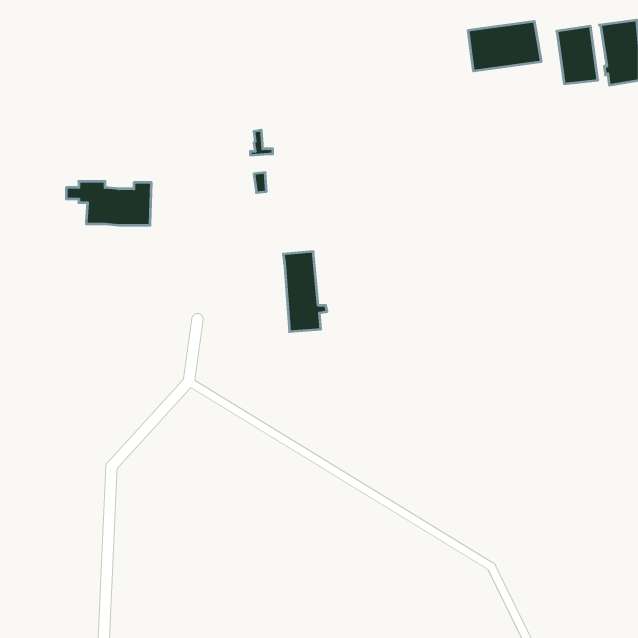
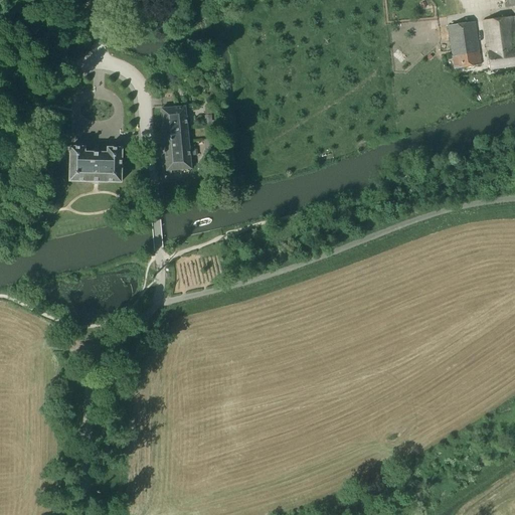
building: [468,21,541,71] -> none
building: [283,252,327,332] -> [162,106,197,170]

